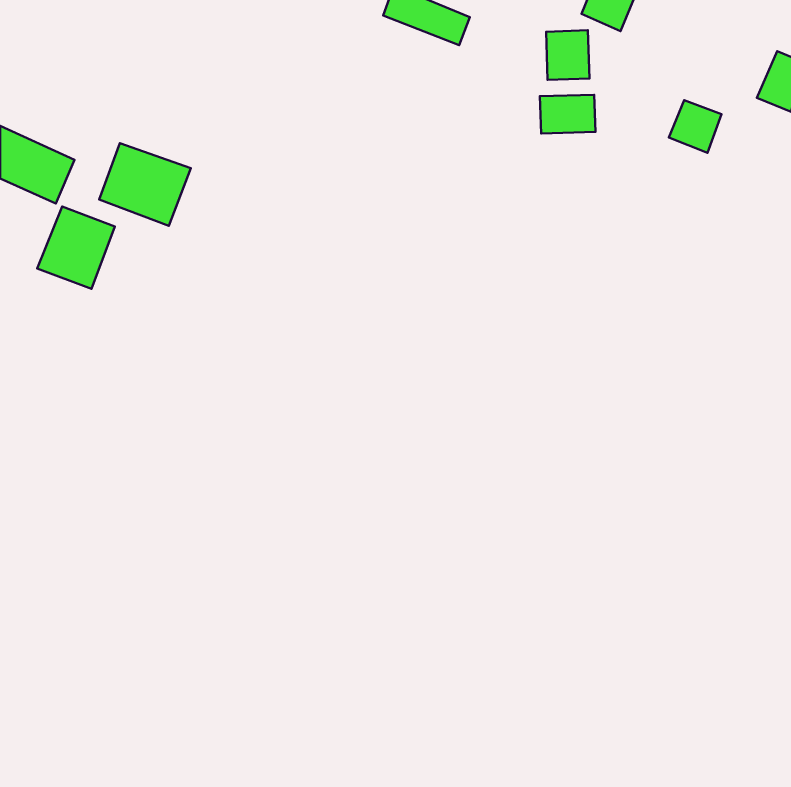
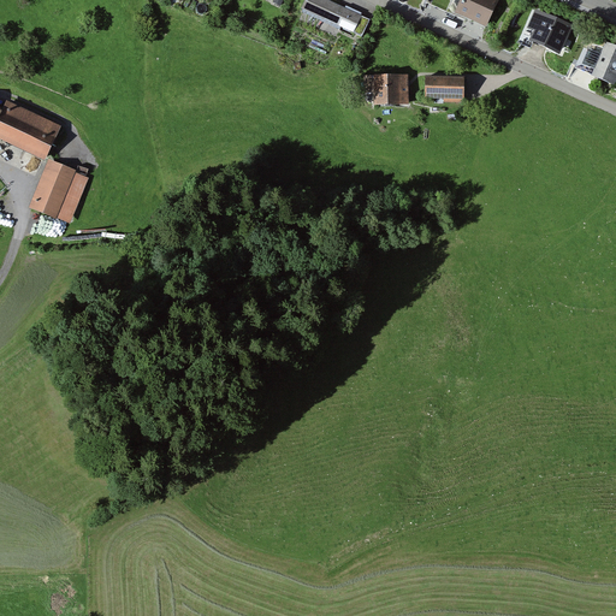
building: [546,30,590,80] -> [371,70,404,108]
building: [669,100,721,153] -> [525,10,565,51]
building: [99,143,191,226] -> none

